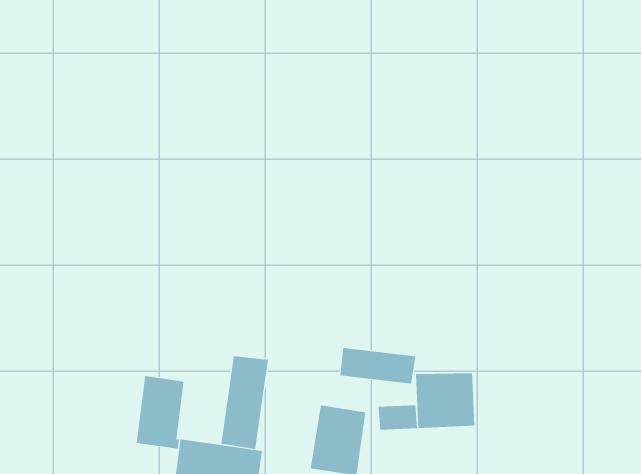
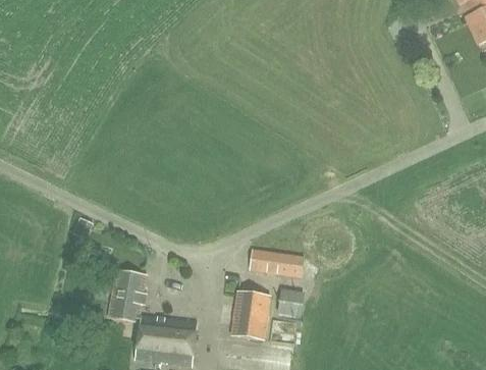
building: [221,355,269,450] -> none
building: [416,372,475,429] -> none

